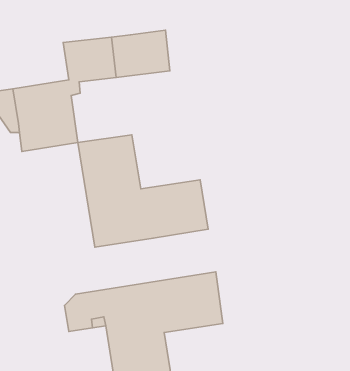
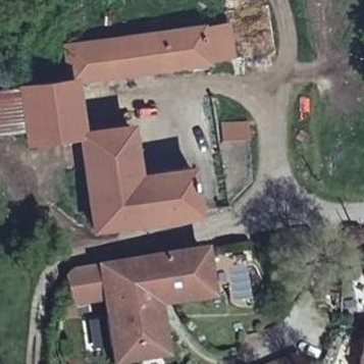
building: none -> [161,23,236,69]

